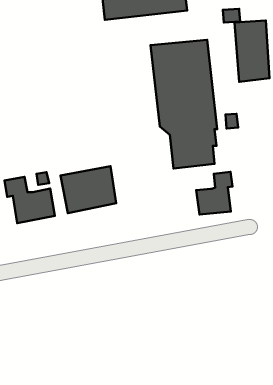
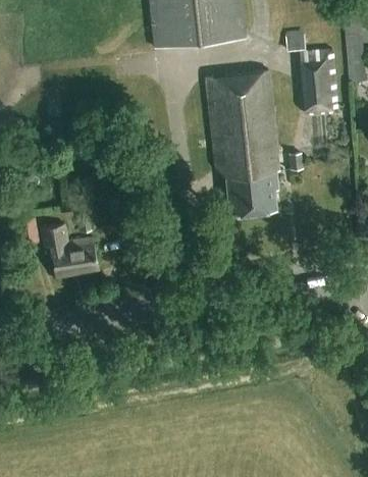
building: [60,166,116,213] -> none
building: [196,172,232,215] -> none

